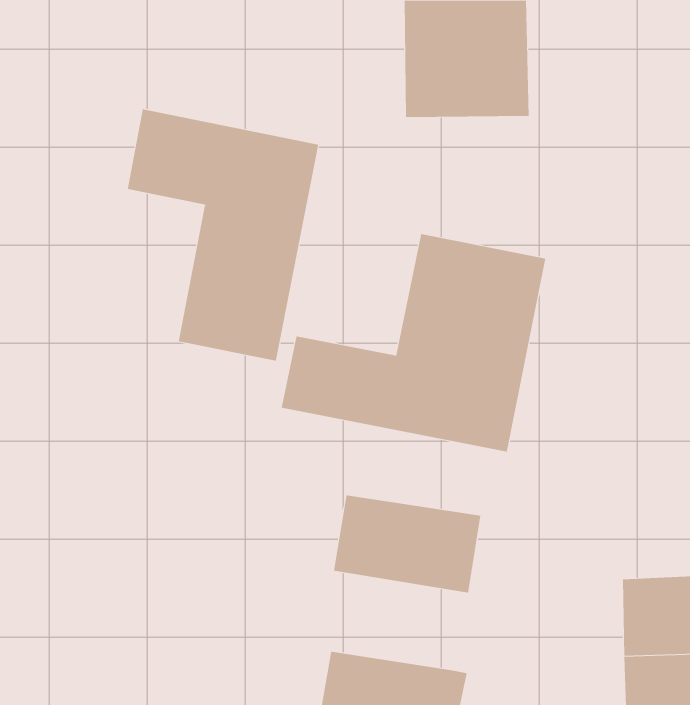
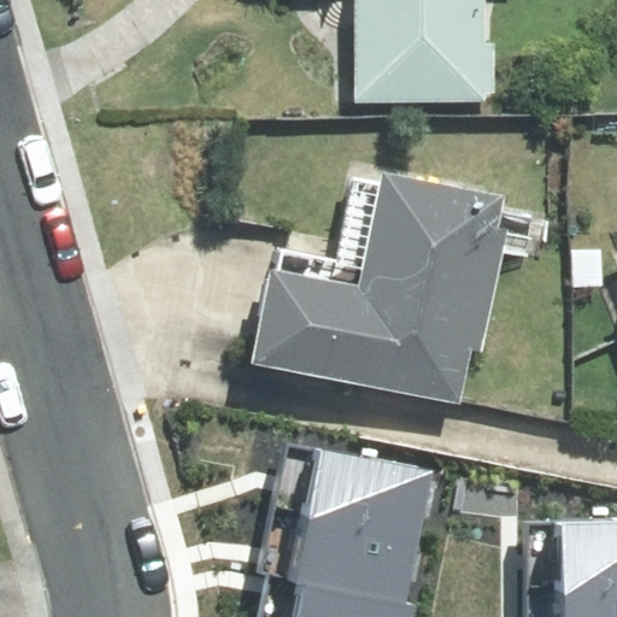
building: [127,109,319,361] -> none
building: none -> [293,499,423,586]

